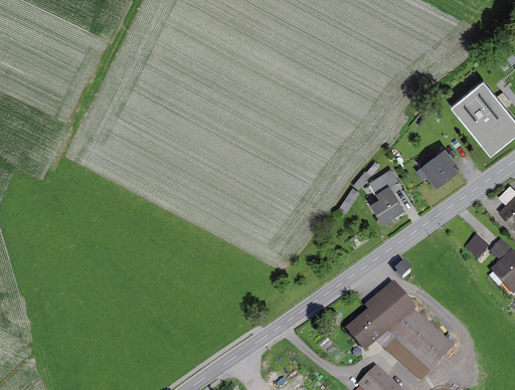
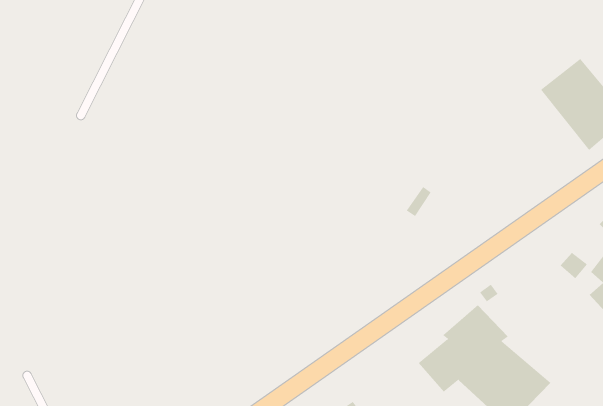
building: [418,149,460,185] -> none
building: [370,171,405,222] -> none

